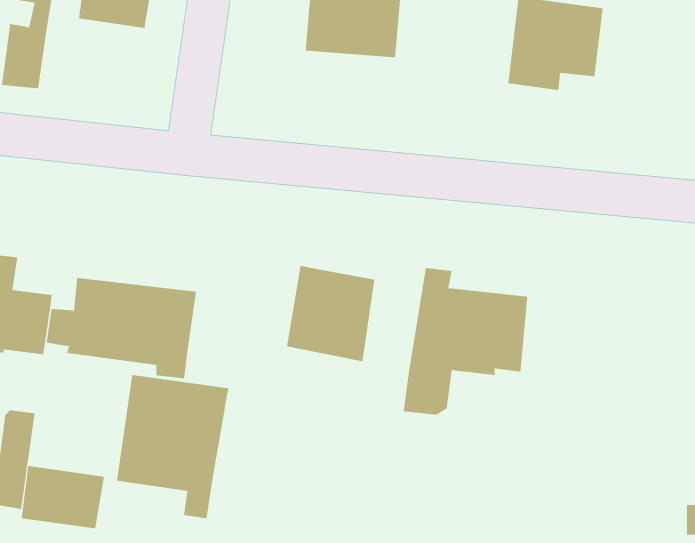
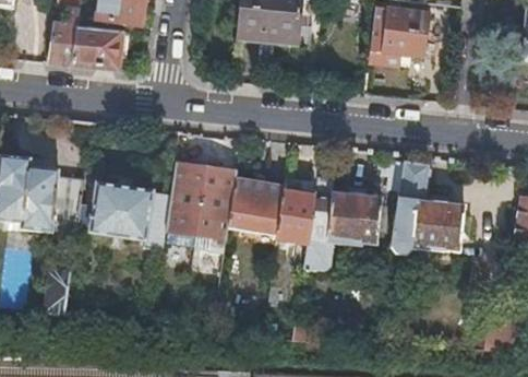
building: none -> [71,24,121,68]
building: none -> [389,158,465,252]
building: none -> [277,184,314,244]
building: [116,374,229,519] -> [166,162,238,254]
building: [21,465,104,529] -> none

